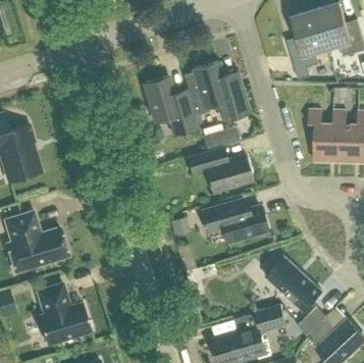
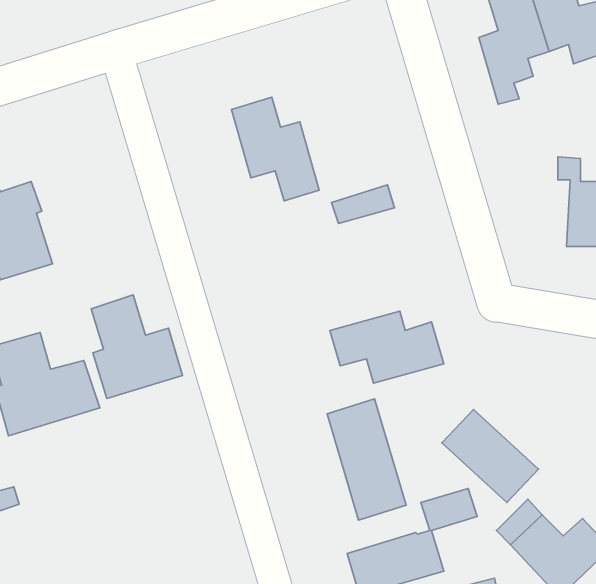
building: [184,61,247,120] -> none
building: [308,110,341,162] -> none
building: [187,149,252,191] -> none
building: none -> [327,399,406,520]
building: [37,283,90,344] -> [91,295,182,398]

